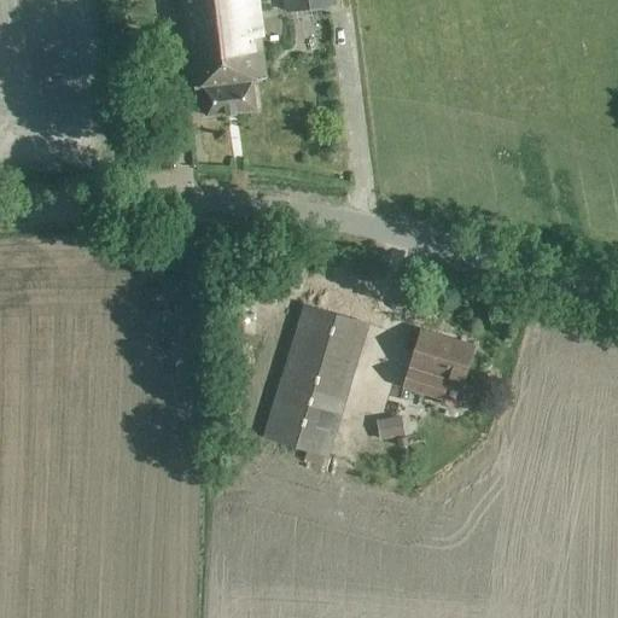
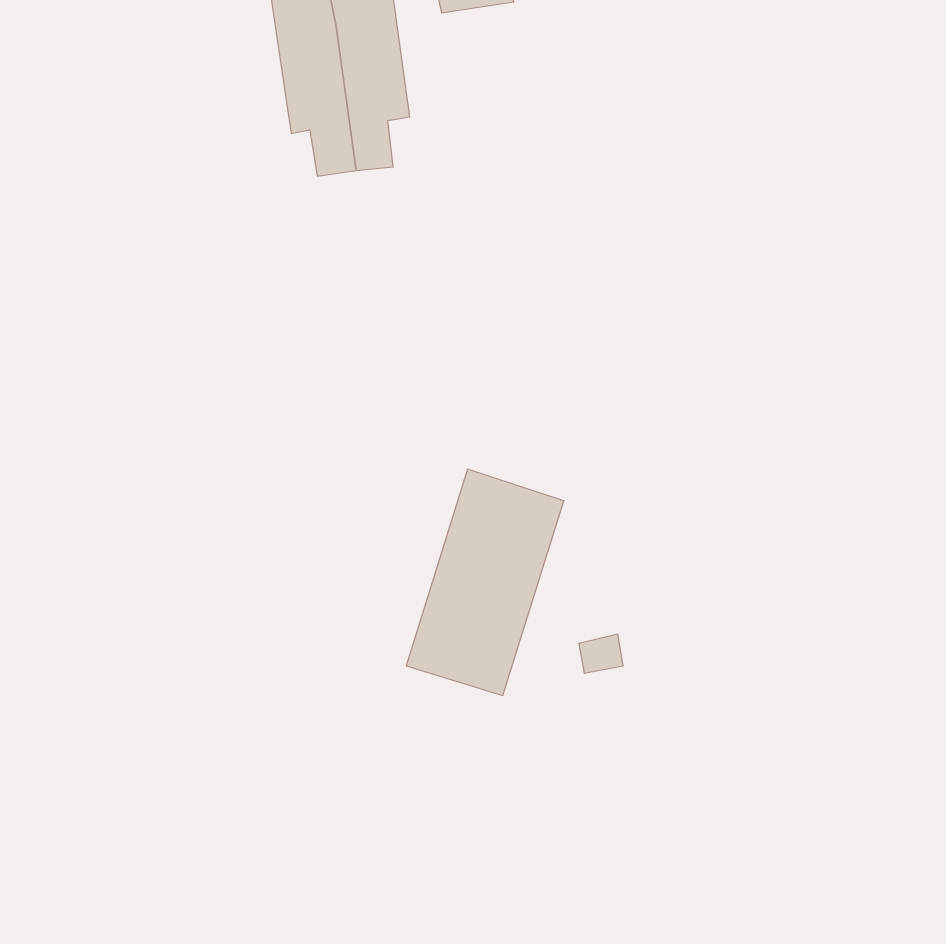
building: [407,328,476,404] -> none

